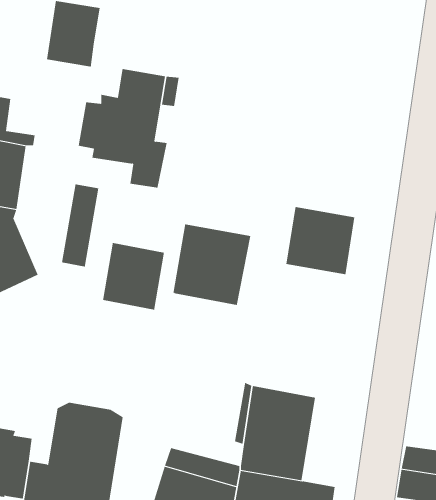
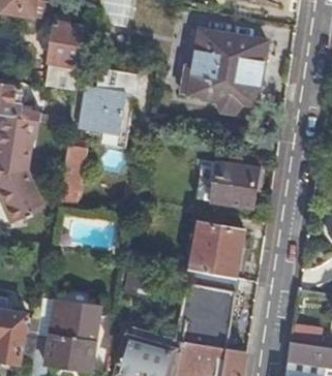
building: none -> [181,29,268,112]
building: [172,224,251,306] -> [189,223,243,279]
building: [102,242,165,310] -> none

